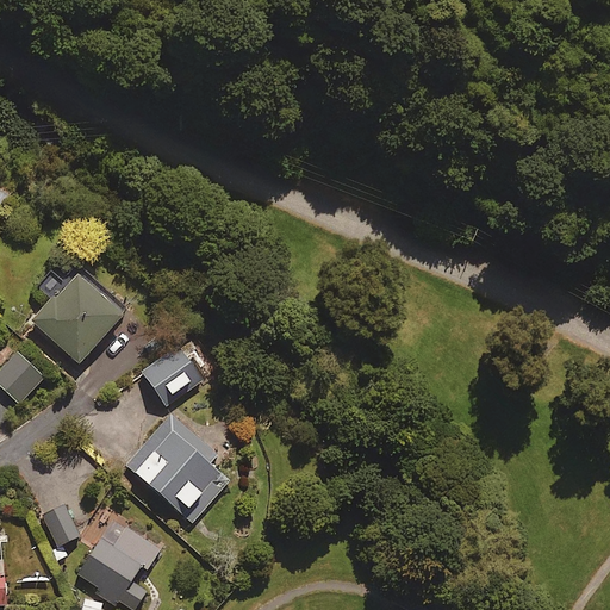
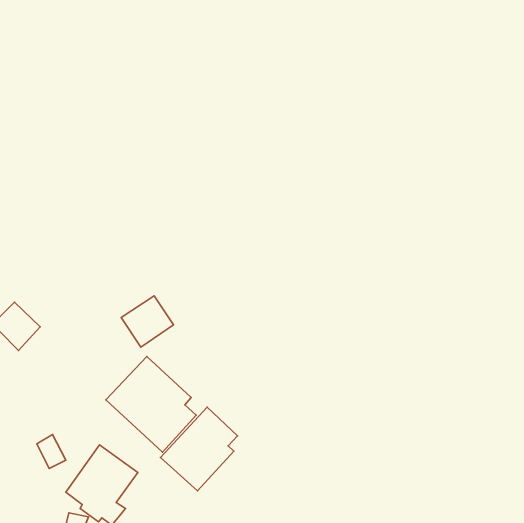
building: [31,267,126,363] -> none
building: none -> [161,407,238,491]

